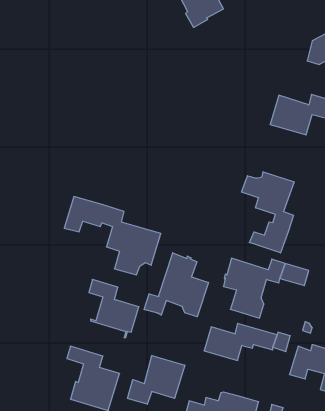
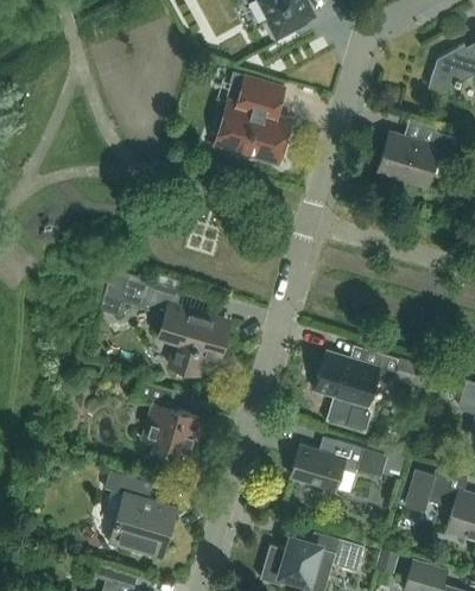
building: none -> [214,71,291,165]
building: [241,172,294,253] -> none
building: [144,253,208,317] -> none
building: [127,355,185,404] -> none

